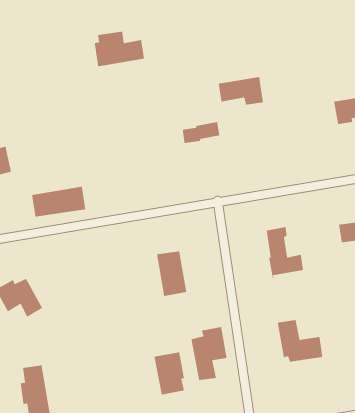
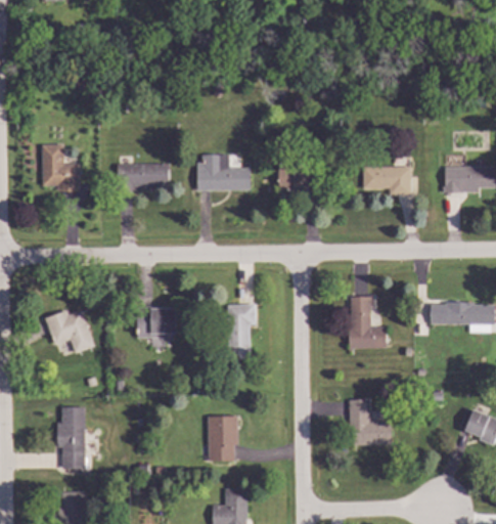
building: [94,31,145,67] -> [197,155,251,190]
building: [218,76,264,105] -> [364,166,411,195]
building: [31,186,86,217] -> [111,163,169,189]
building: none -> [137,307,180,338]
building: [191,326,228,381] -> none

